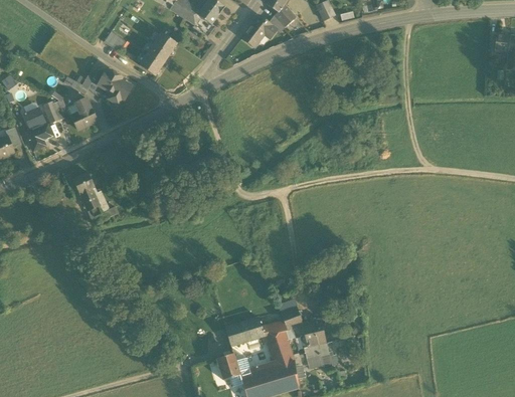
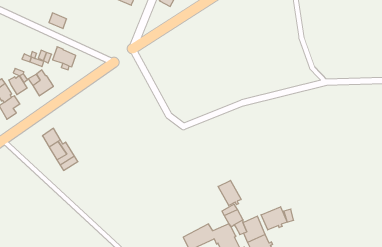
building: [139,31,176,74] -> none
building: none -> [218,180,241,206]
building: none -> [261,207,287,230]

